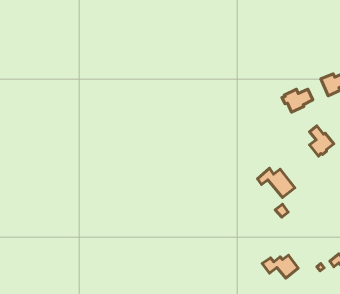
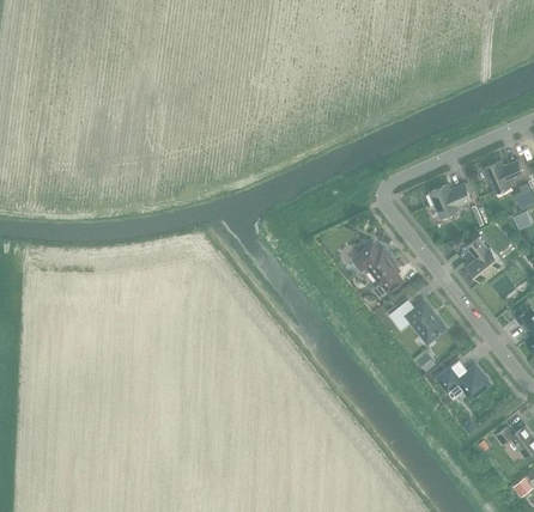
building: none -> [353,242,401,297]
building: [262,255,298,278] -> [436,365,489,398]

